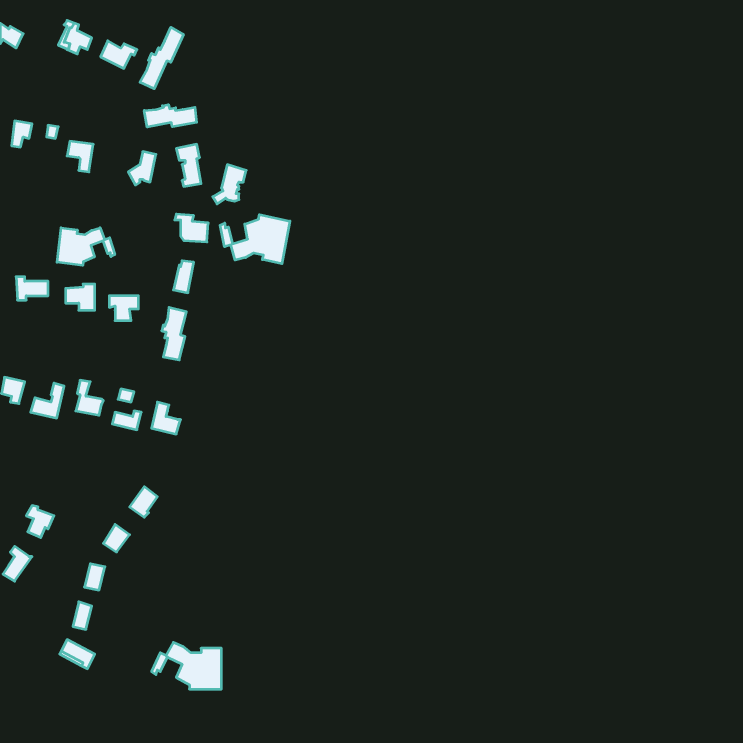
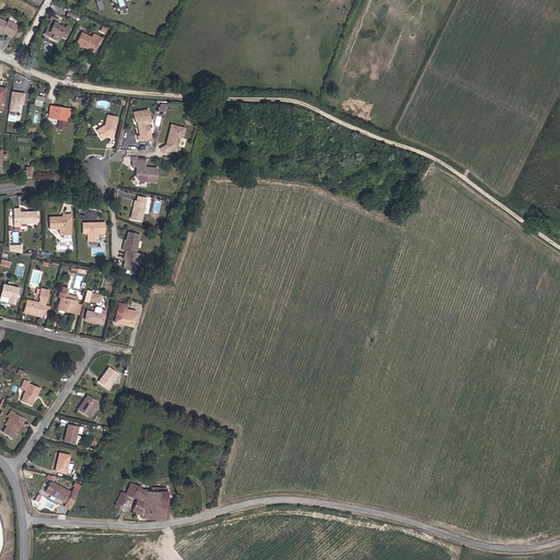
building: [140,27,183,89] -> none
building: [144,105,197,127] -> none
building: [220,215,290,264] -> none
building: [57,228,115,265] -> none

